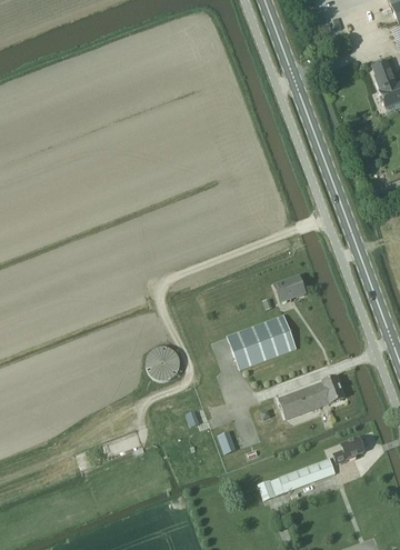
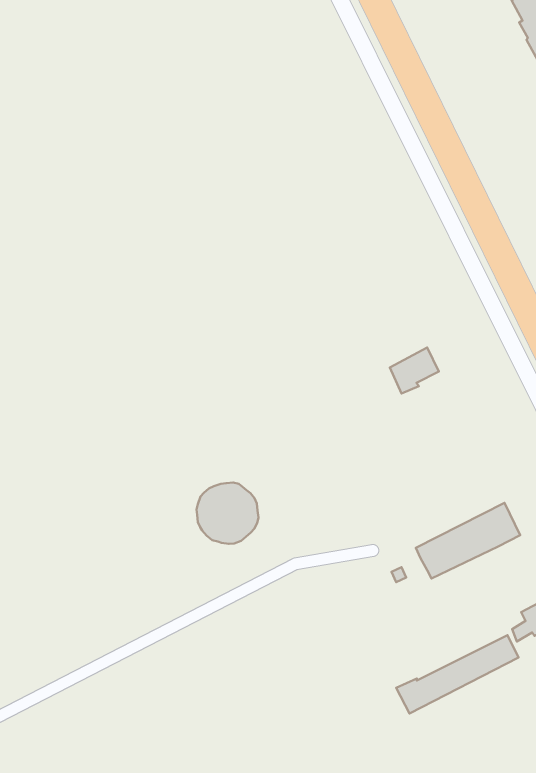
building: [228,314,297,369] -> none

